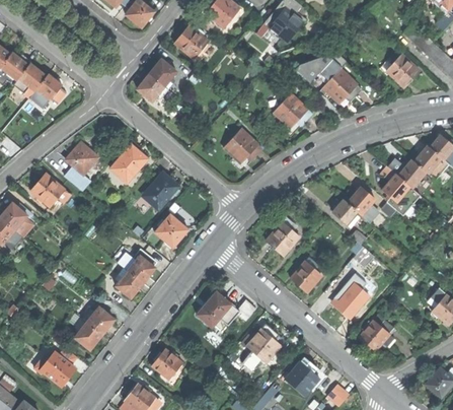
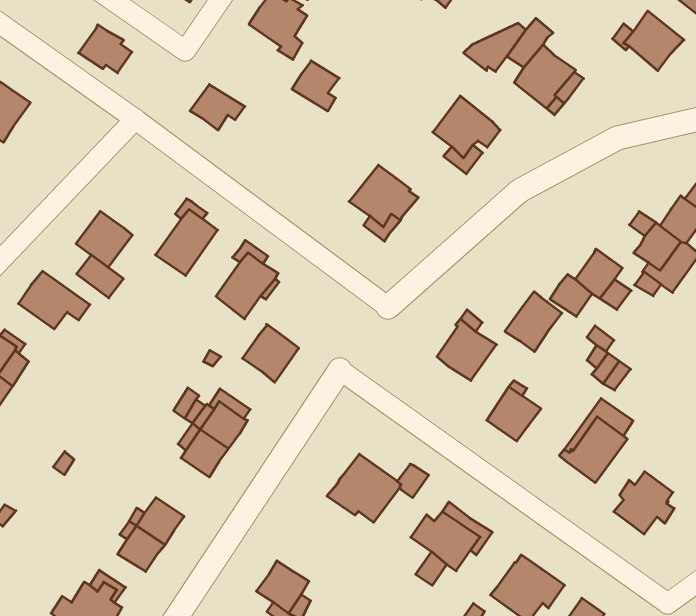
building: [149,60,176,89] -> [292,61,339,111]
building: [35,75,66,104] -> [78,25,132,73]
building: none -> [505,292,562,352]

